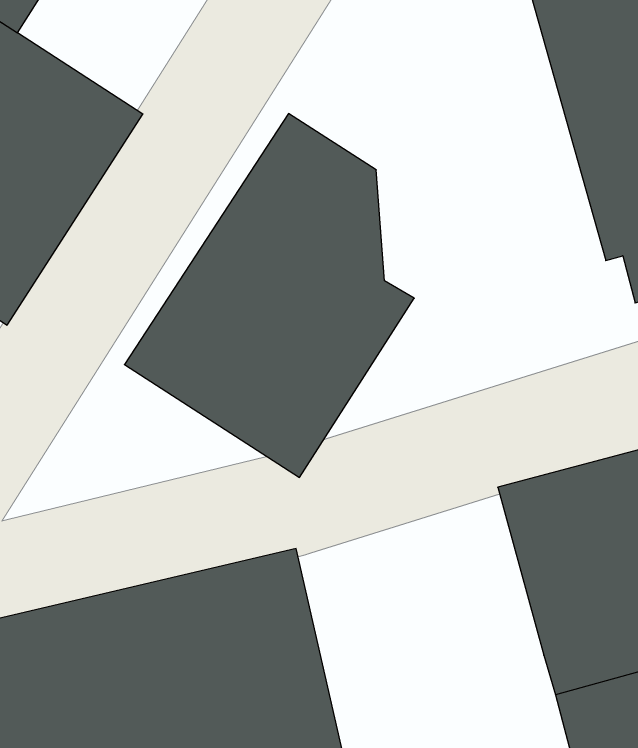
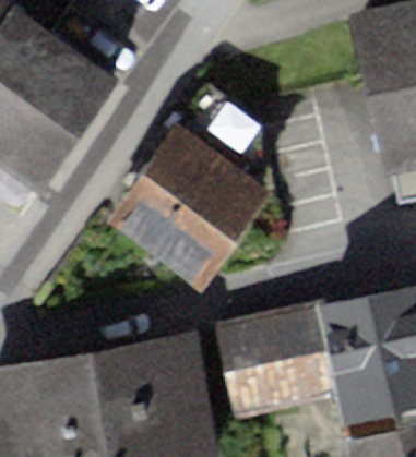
building: none -> [213,303,335,422]

